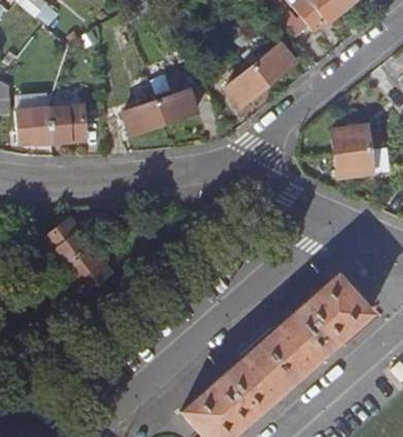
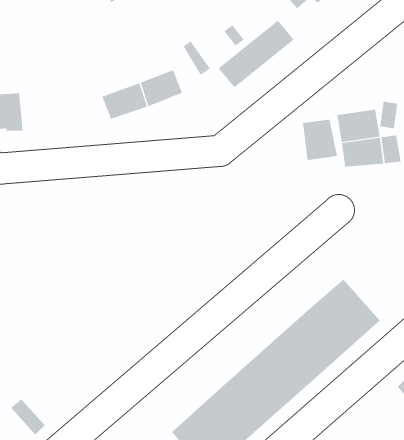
building: [51,106,102,144] -> none
building: none -> [302,119,337,161]
building: [42,221,109,293] -> none

